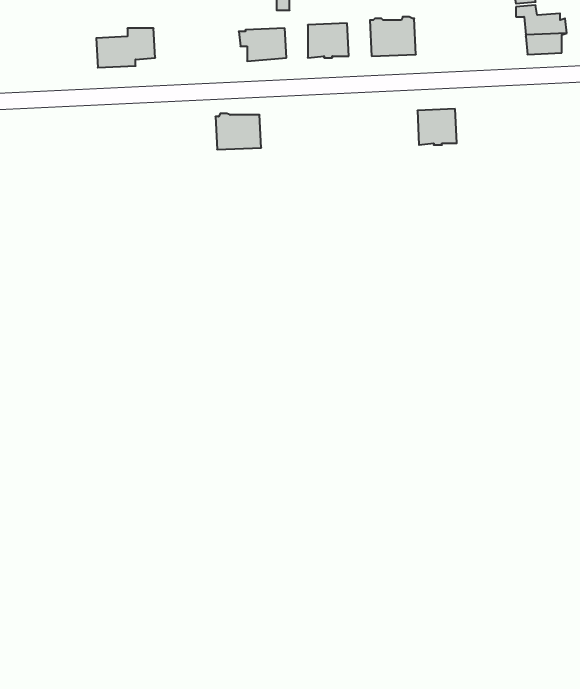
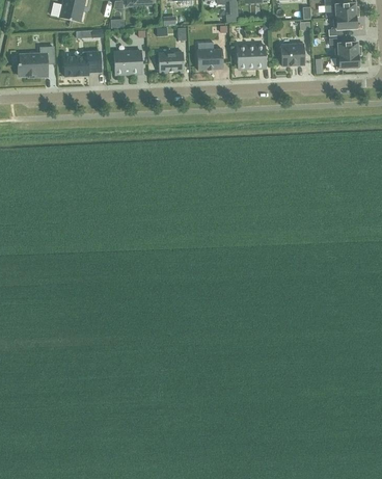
building: none -> [17,46,53,76]
building: [417,109,457,145] -> [279,43,304,65]
building: [215,113,261,149] -> [112,50,141,73]

